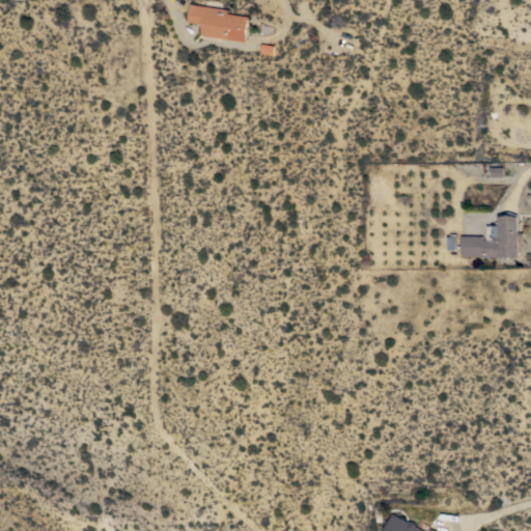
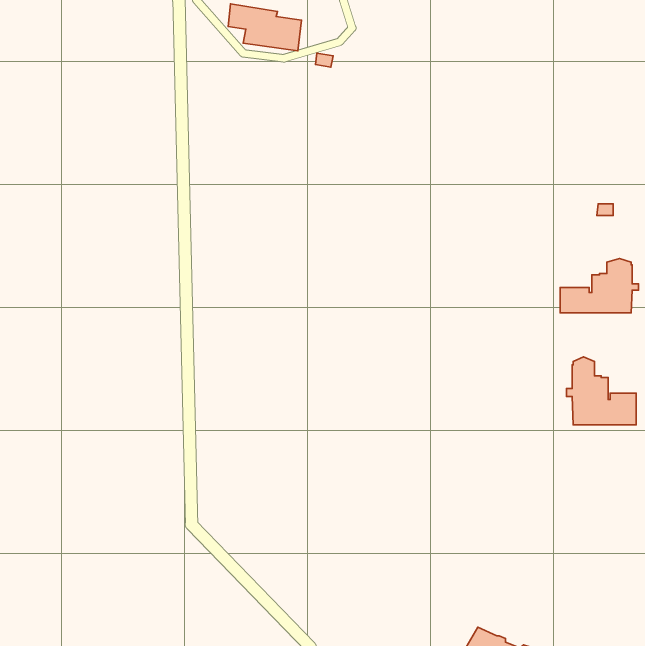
building: none -> [567,357,636,425]

